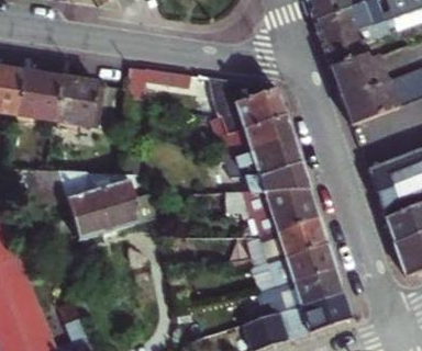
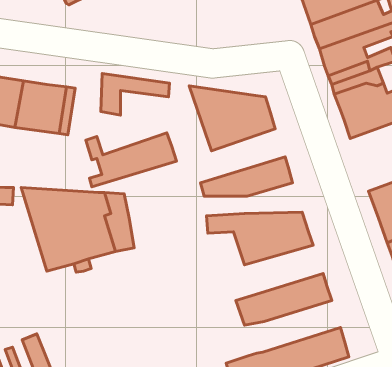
building: [212,116,293,165] -> [86,133,177,187]
building: [252,165,309,192] -> none
building: [257,220,327,264] -> none
building: [256,270,343,316] -> none

